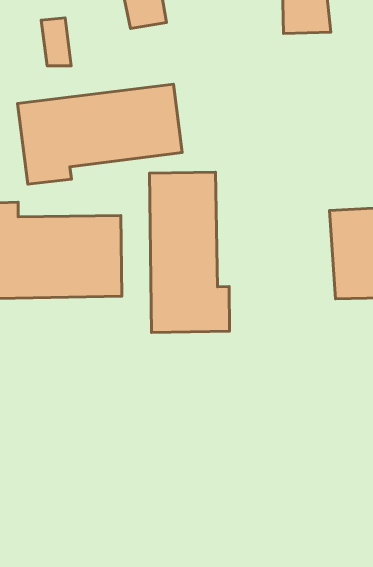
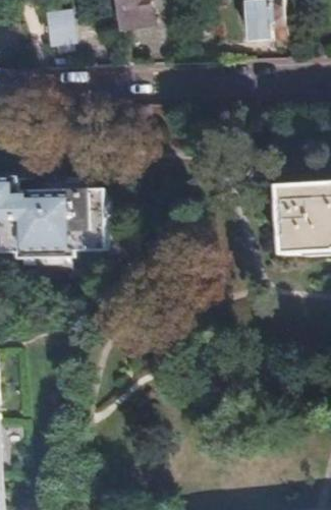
building: [18,84,182,184] -> none
building: [149,172,229,333] -> none

